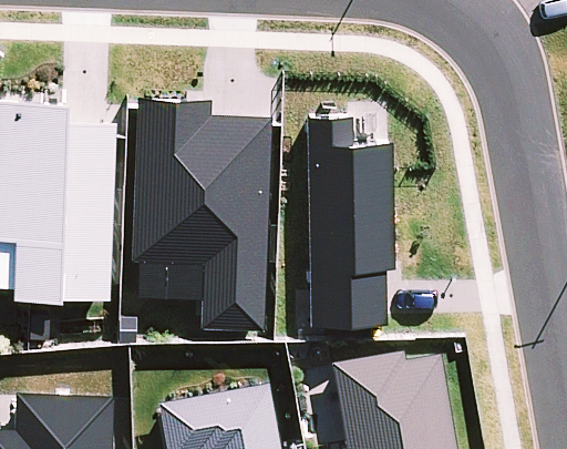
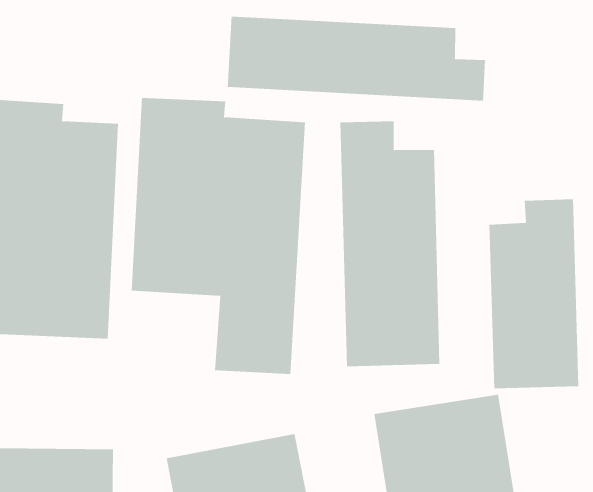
building: none -> [227,16,485,102]
building: none -> [489,199,579,389]

